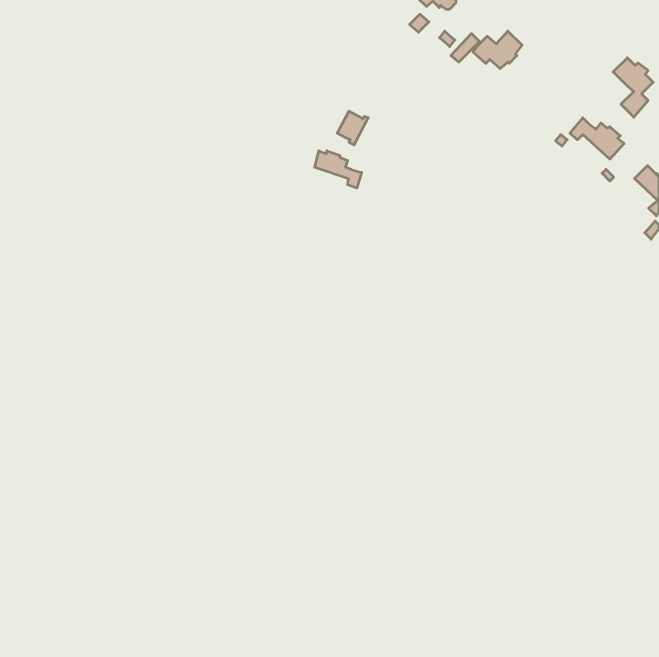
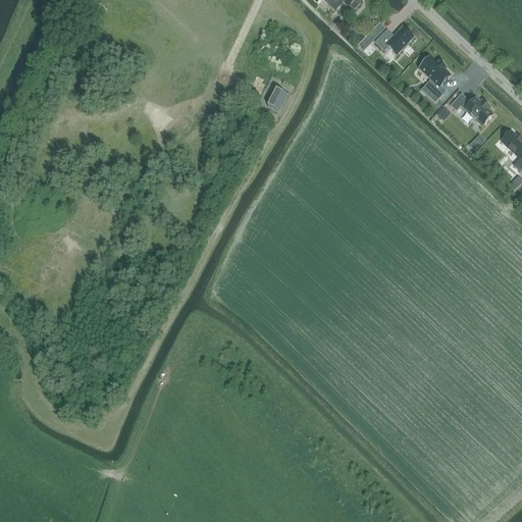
building: [613,58,653,117] -> [418,56,450,103]
building: [315,151,362,188] -> none

